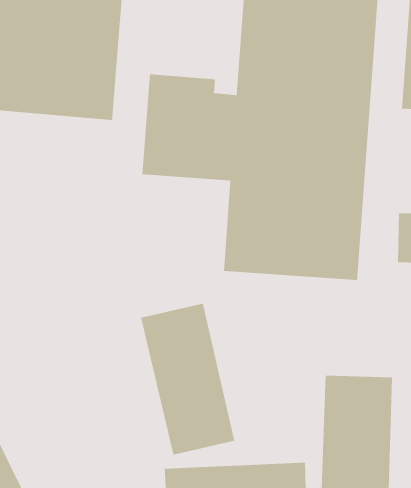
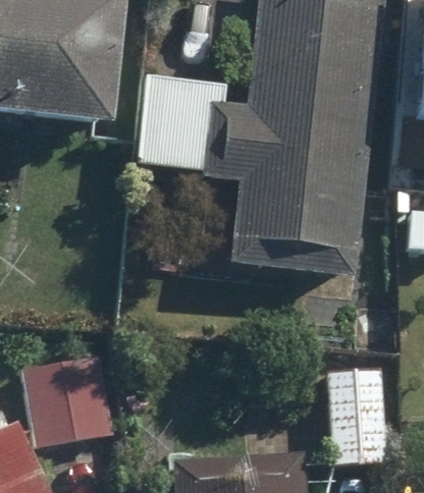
building: [140,303,235,455] -> none
building: none -> [19,341,111,450]

